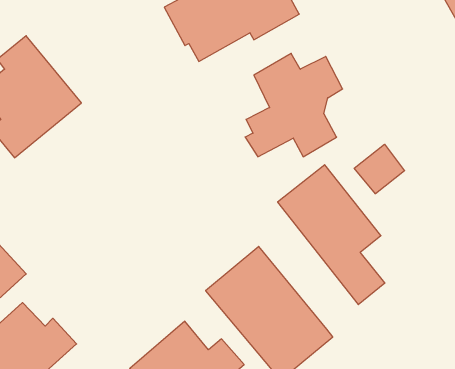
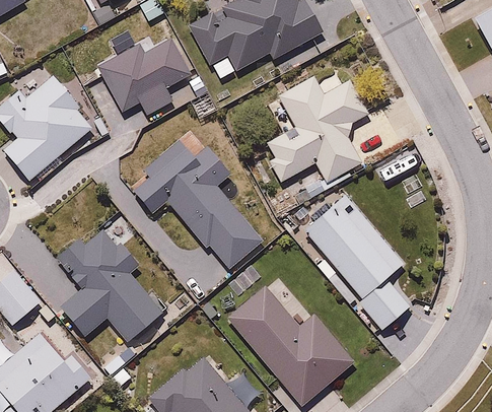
building: none -> [96,27,207,117]
building: none -> [129,141,264,268]
building: [354,144,405,194] -> none
building: none -> [52,225,163,344]

